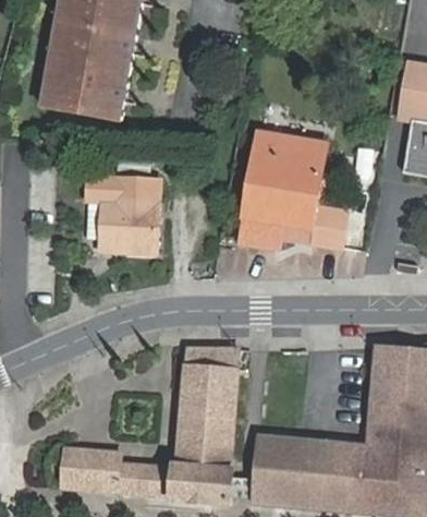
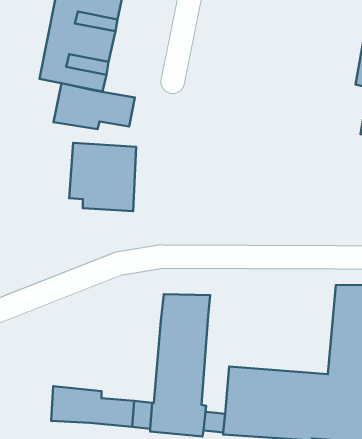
building: none -> [54,83,135,129]
building: [239,132,345,250] -> none

